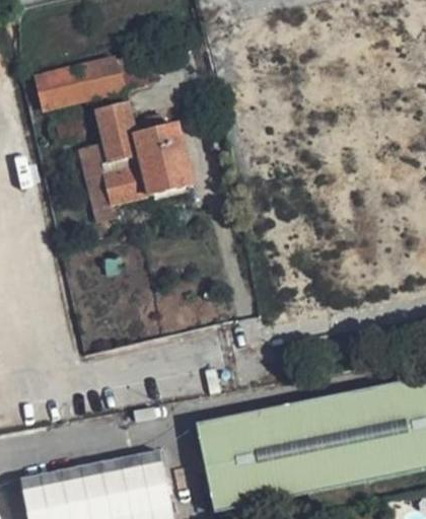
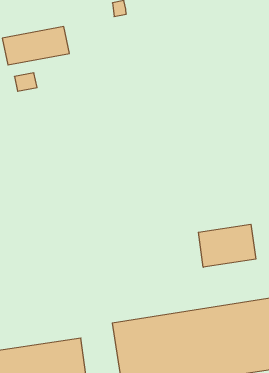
building: [79,103,194,218] -> none
building: none -> [198,224,256,267]

